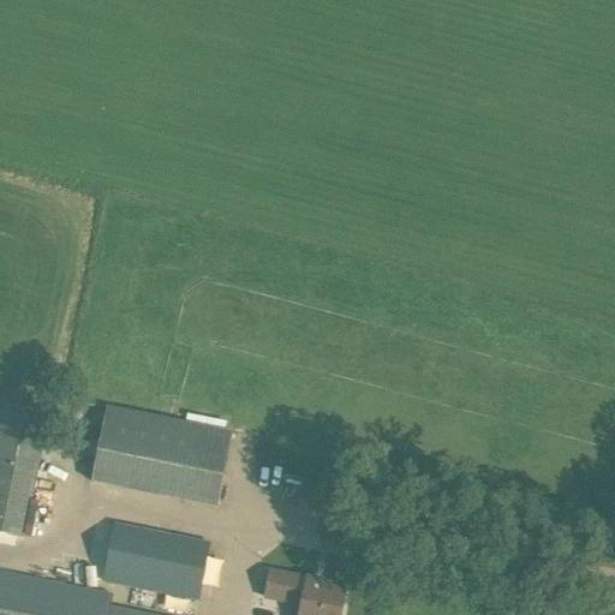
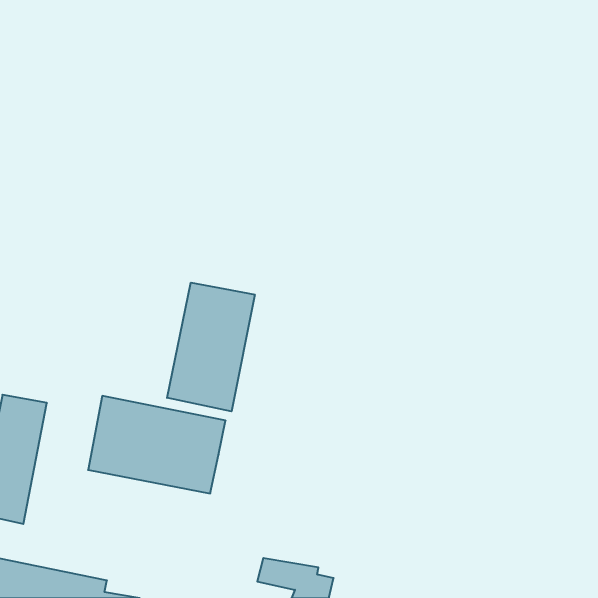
building: none -> [167,283,255,411]
building: [103,523,208,599] -> none

